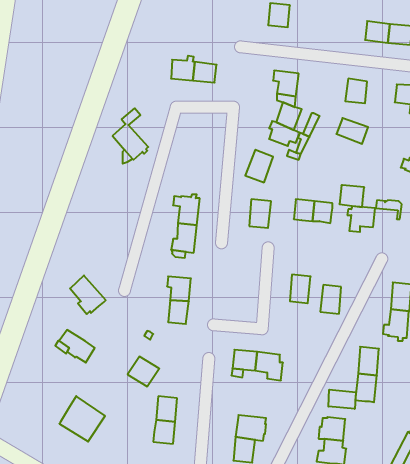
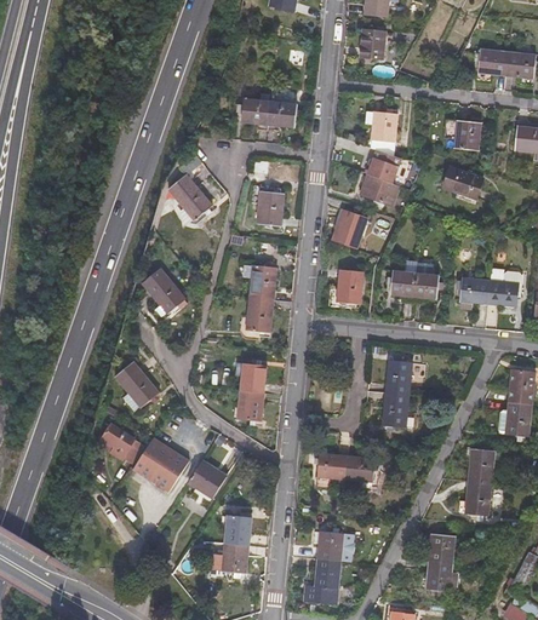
building: none -> [256,190,282,224]
building: [339,185,364,207] -> [487,279,517,305]
building: none -> [142,266,185,316]
building: [320,285,341,314] -> [382,392,407,427]
building: [328,390,356,409] -> none
building: [59,396,105,442] -> [134,436,190,492]

